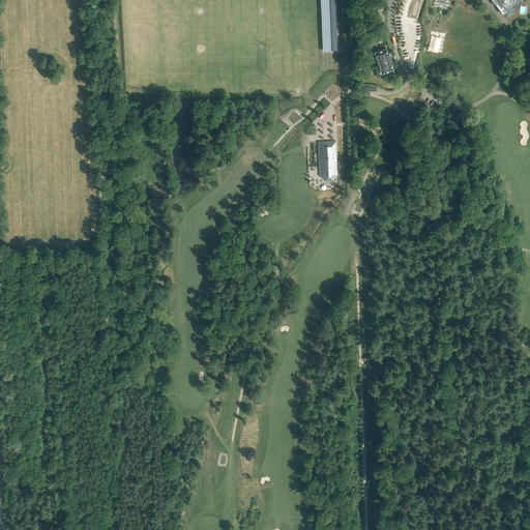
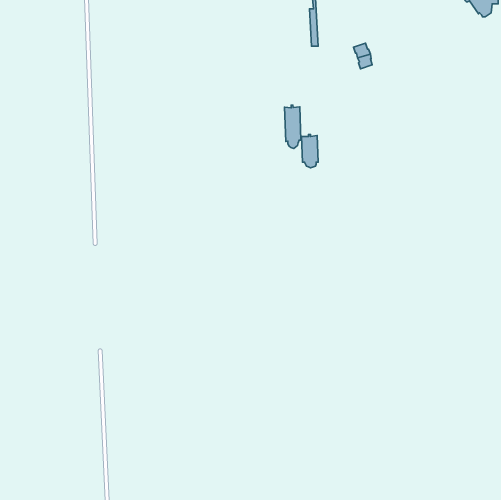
building: none -> [285,105,301,148]

